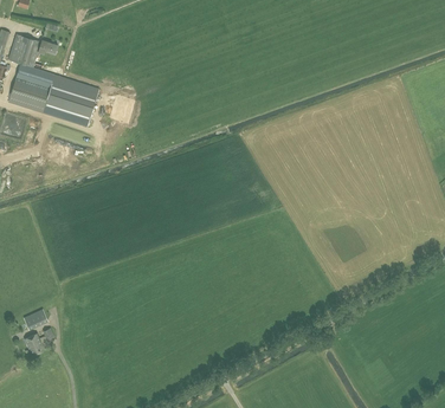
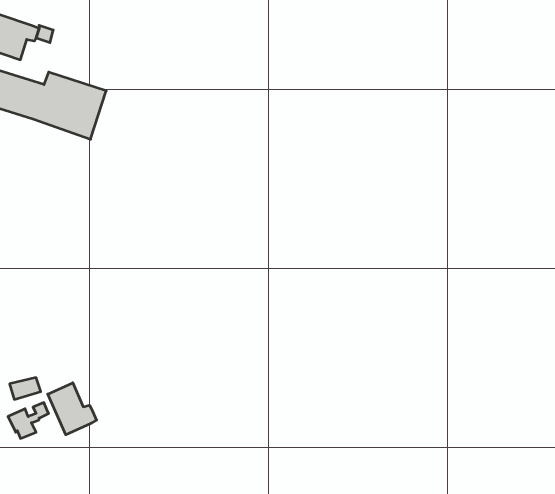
building: none -> [48,383,97,435]

